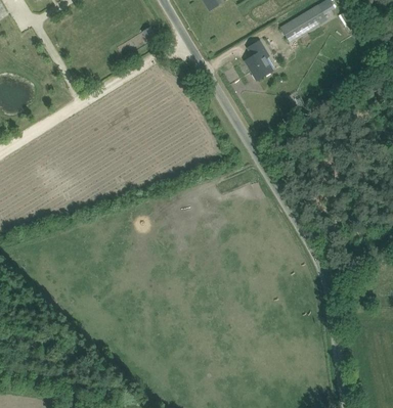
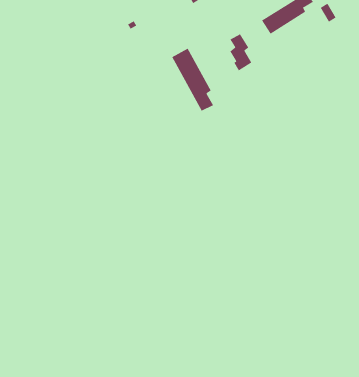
building: none -> [171,48,214,111]

